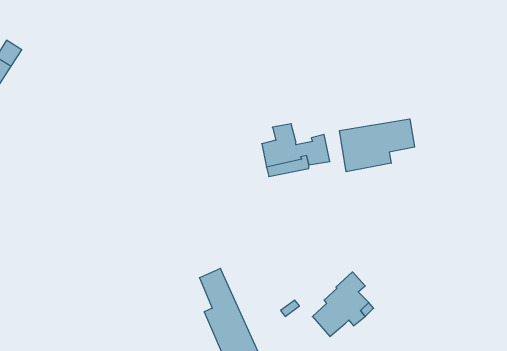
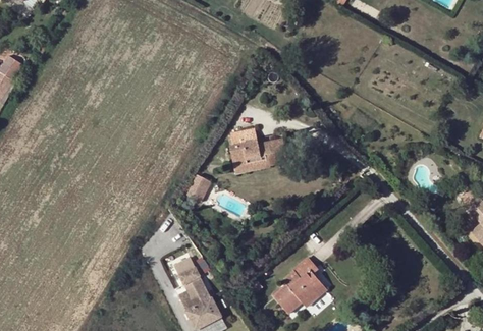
building: [339,119,415,172] -> none
building: none -> [186,175,212,203]

